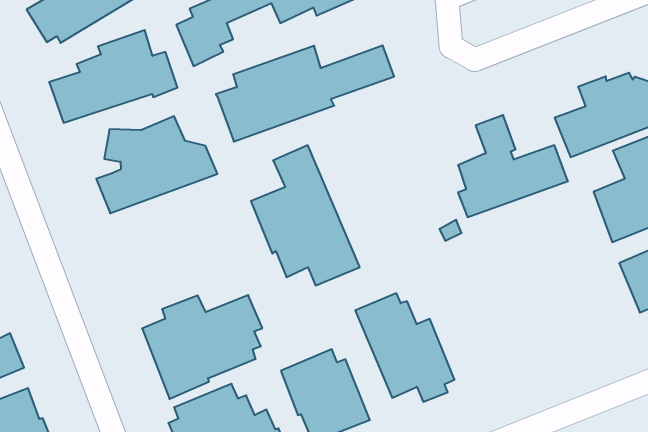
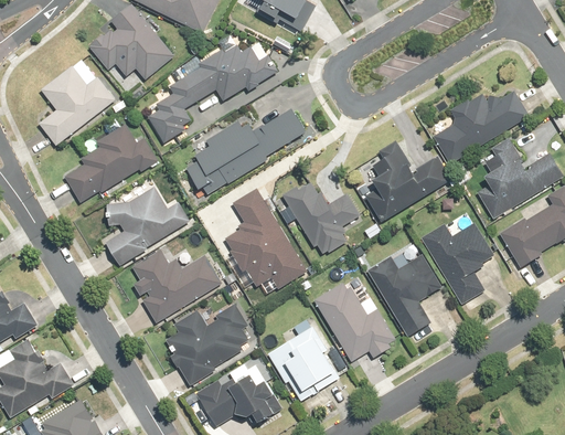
building: none -> [281,183,360,254]
building: none -> [131,252,220,323]
building: none -> [418,222,491,305]
building: none -> [365,255,439,337]

